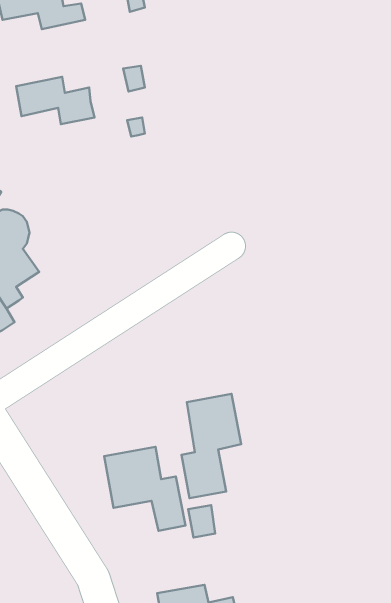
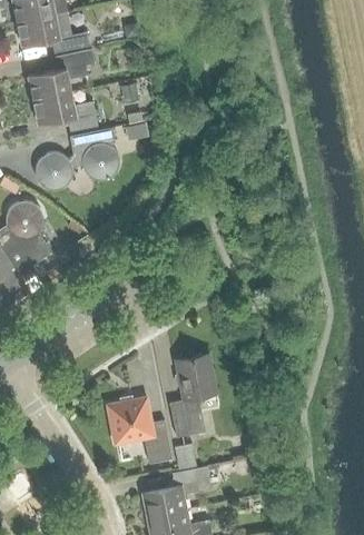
building: none -> [27,48,94,99]
building: none -> [35,127,117,189]
building: none -> [144,467,211,515]

